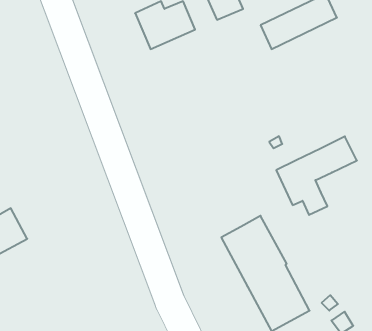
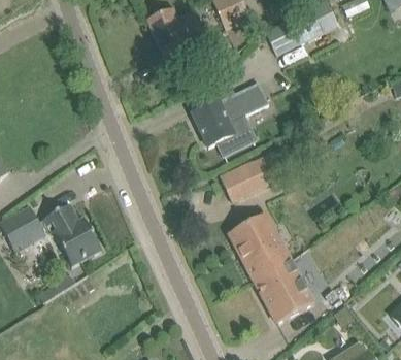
building: [276,136,357,215] -> [193,81,269,156]
building: none -> [221,160,265,201]
building: none -> [43,205,101,266]

